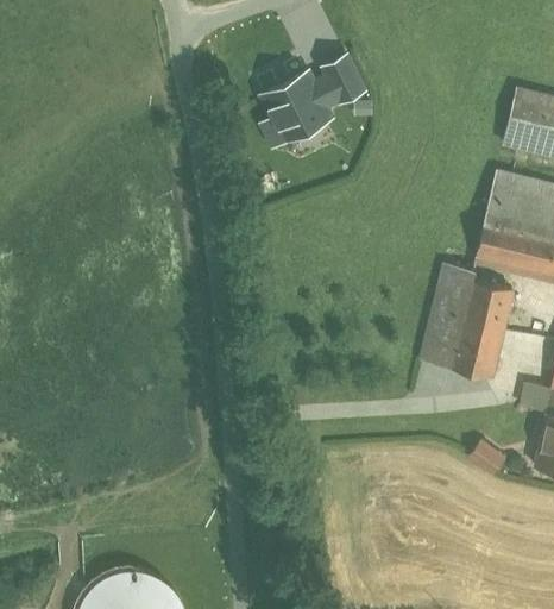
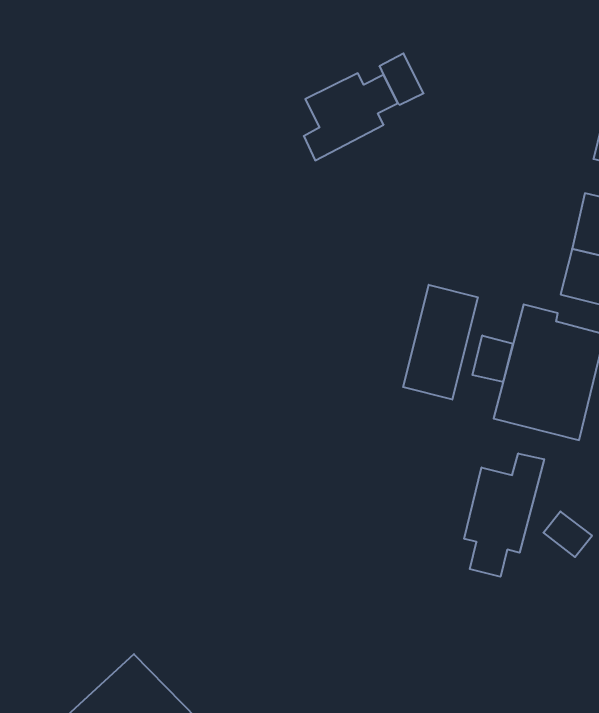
building: none -> [403,285,478,400]
building: none -> [472,335,513,382]
building: none -> [464,453,544,577]

